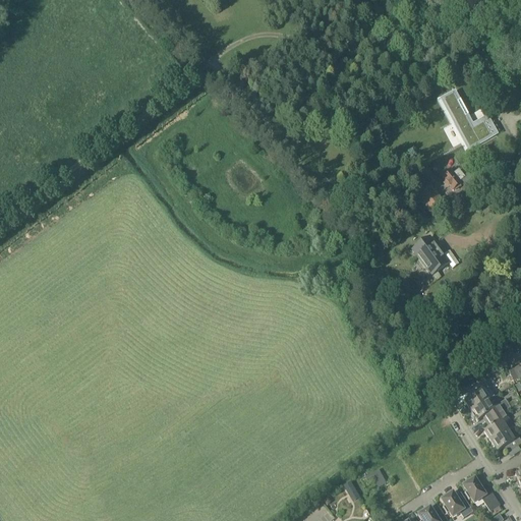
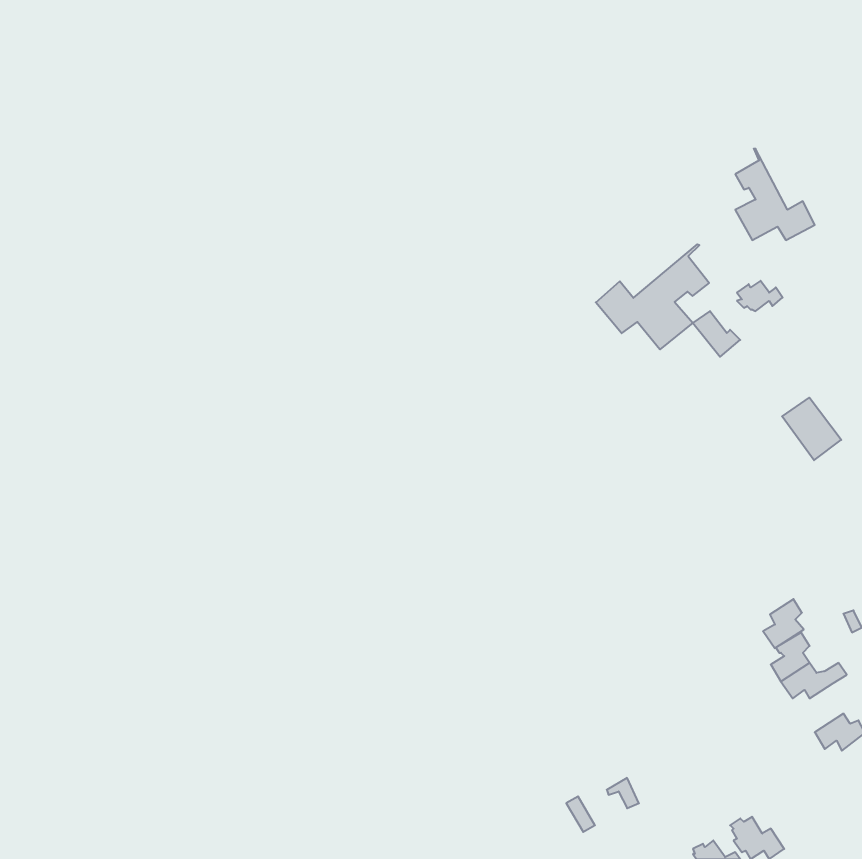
building: none -> [596,244,709,349]
building: [413,236,449,274] -> [782,398,841,460]
building: [484,411,509,441] -> [763,599,804,648]
building: [463,477,501,511] -> none

